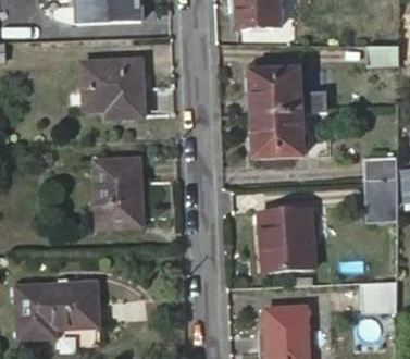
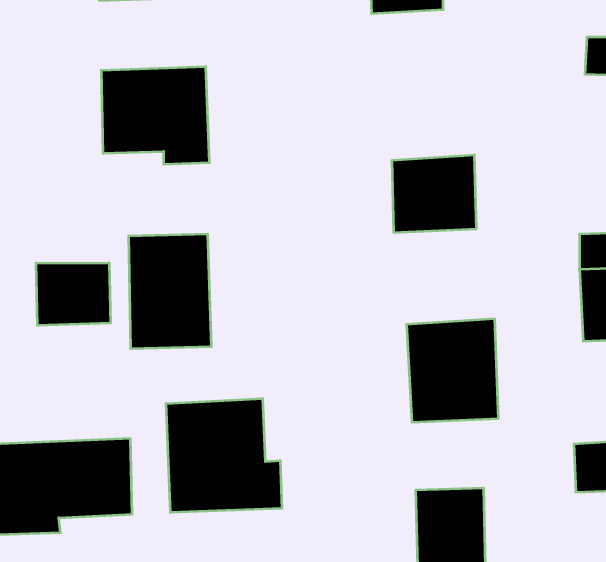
building: [249,70,325,115] -> none
building: none -> [36,263,110,326]
building: none -> [166,398,282,513]

